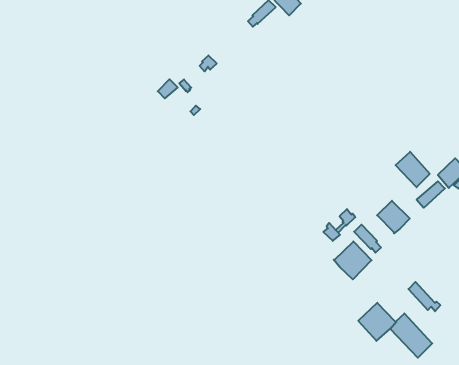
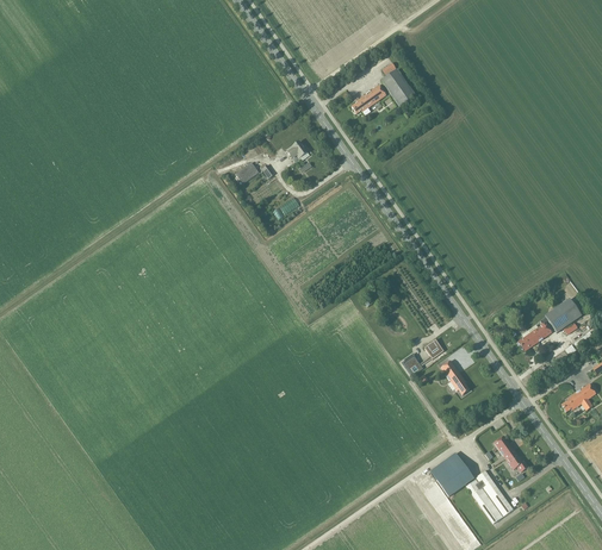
building: [396,152,430,187] -> none
building: [377,201,410,233] -> none
building: [334,241,372,279] -> none

